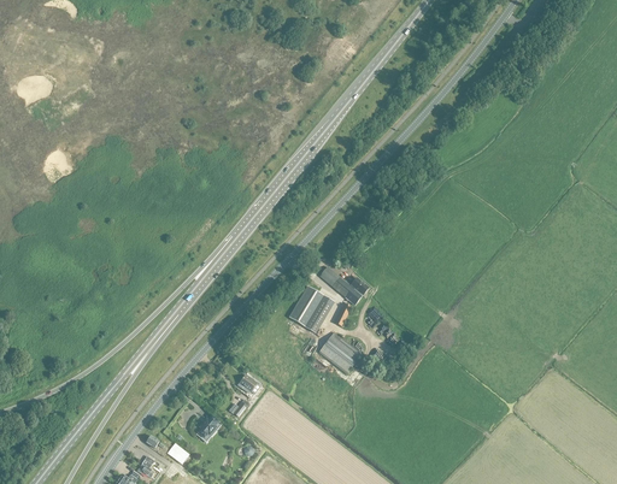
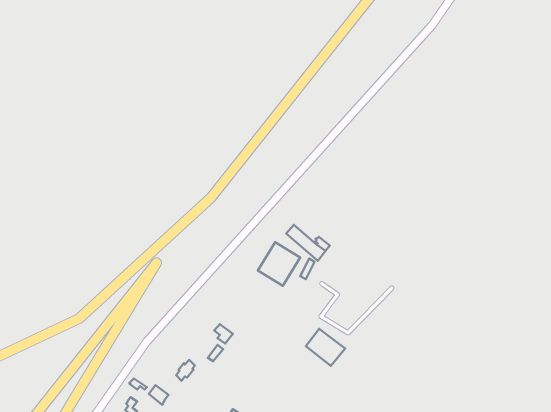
building: [318,332,362,373] -> [306,329,345,366]

